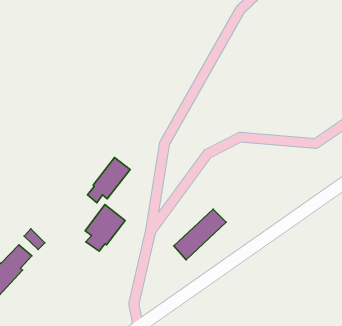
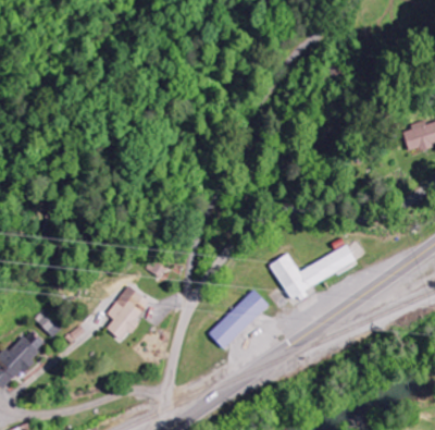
building: [88,158,130,203] -> none
building: none -> [270,245,358,299]

